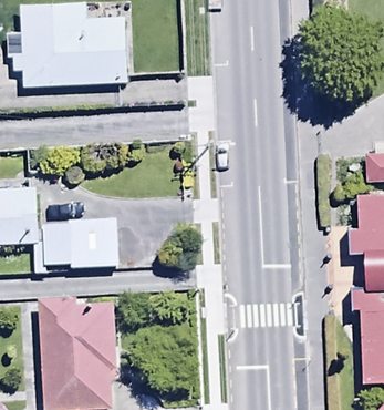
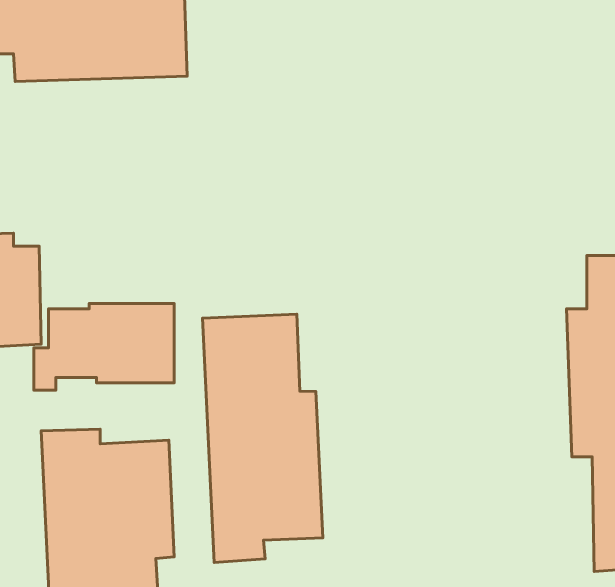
building: none -> [202,314,323,562]

